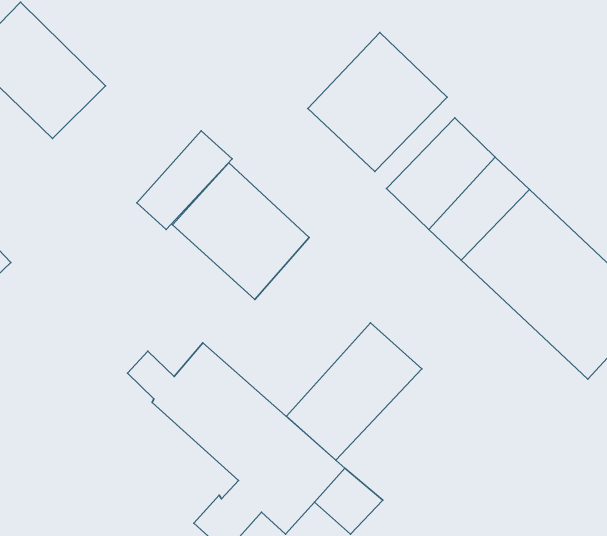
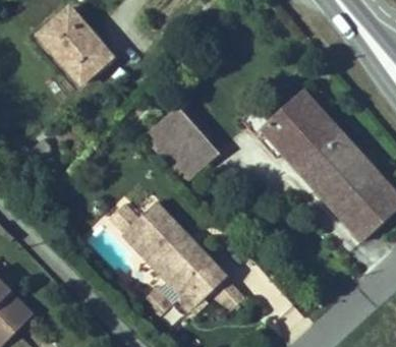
building: [308,32,447,171] -> none
building: [137,131,232,229] -> none
building: [287,323,422,460] -> none

